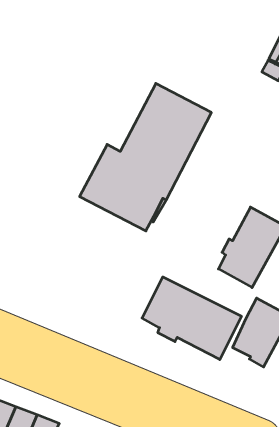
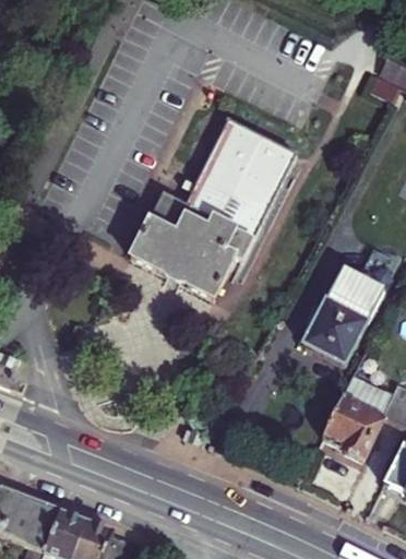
building: [142,277,241,360] -> none

